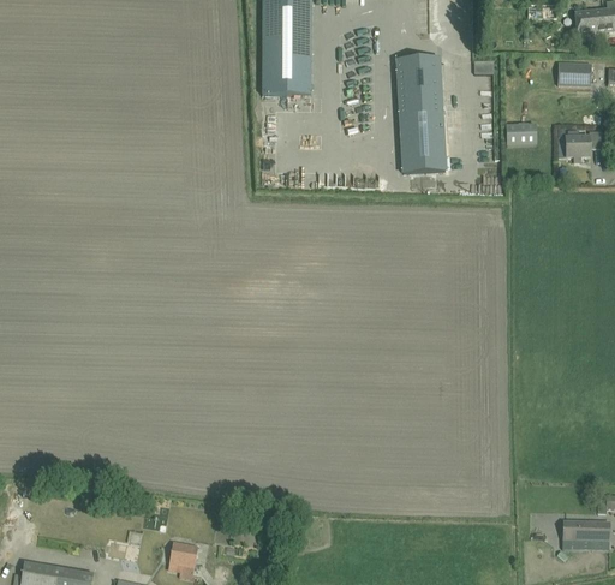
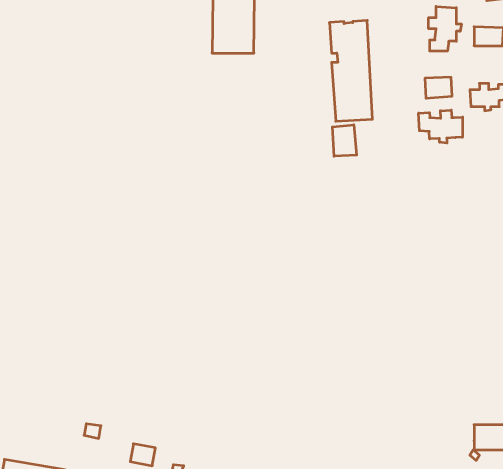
building: none -> [429,6,461,51]
building: none -> [419,110,463,143]
building: none -> [332,125,357,156]

